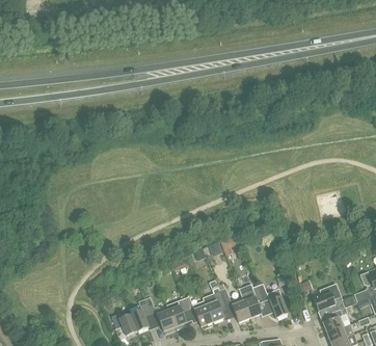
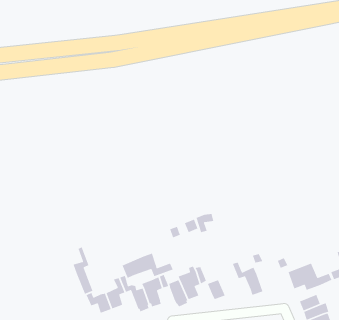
building: none -> [73,246,93,295]
building: none -> [121,253,174,279]
building: [239,285,263,320] -> none

